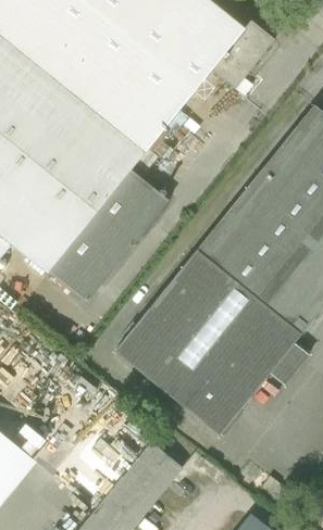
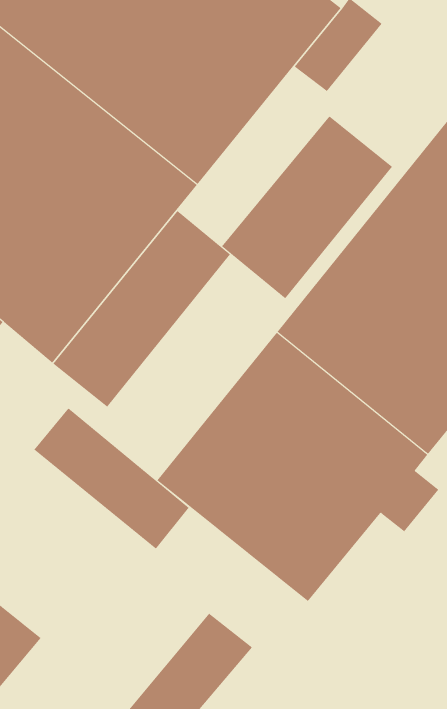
building: none -> [221,115,393,299]
building: none -> [34,408,190,549]

